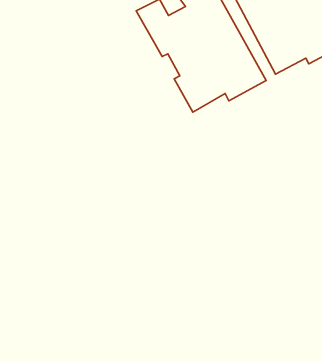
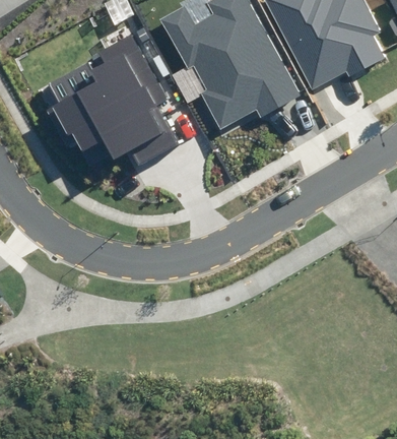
building: none -> [49,37,181,166]

